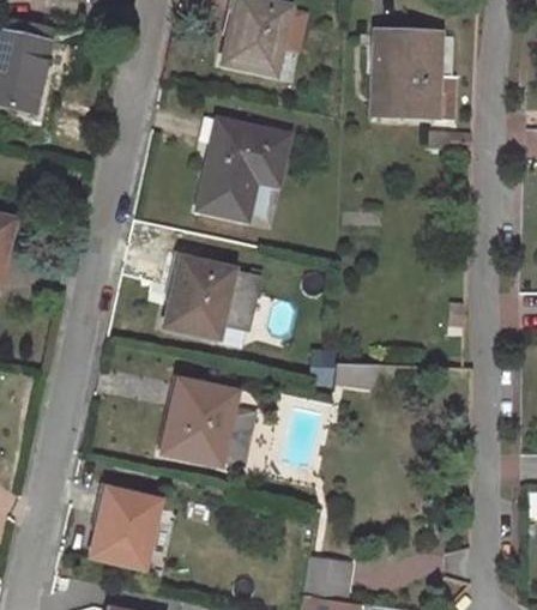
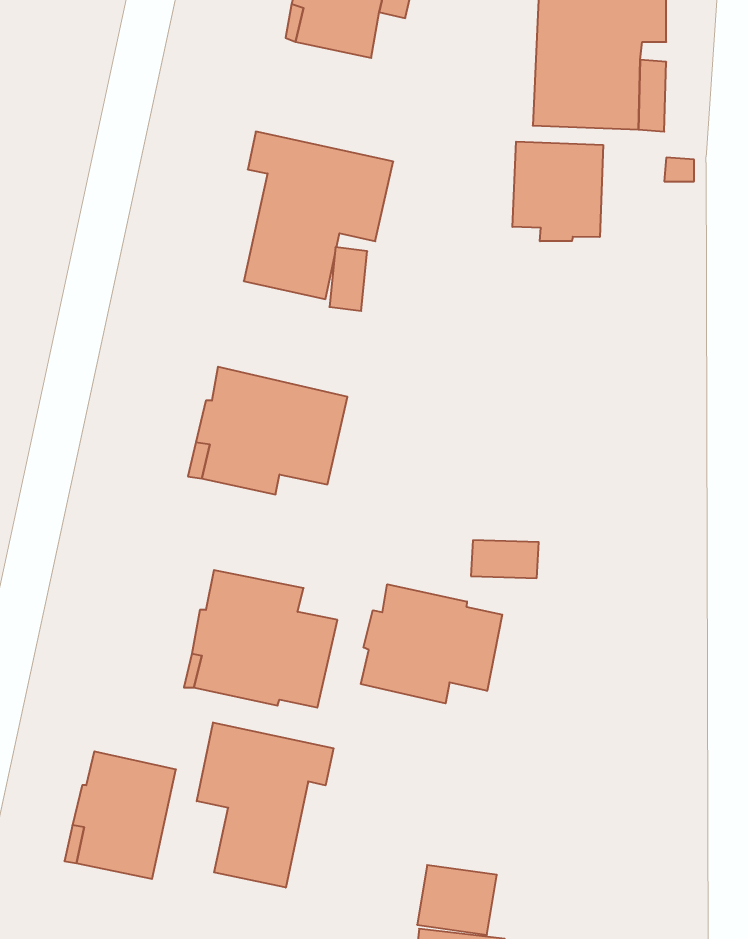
building: none -> [512,142,603,241]
building: none -> [361,584,502,703]
building: none -> [197,722,334,888]

